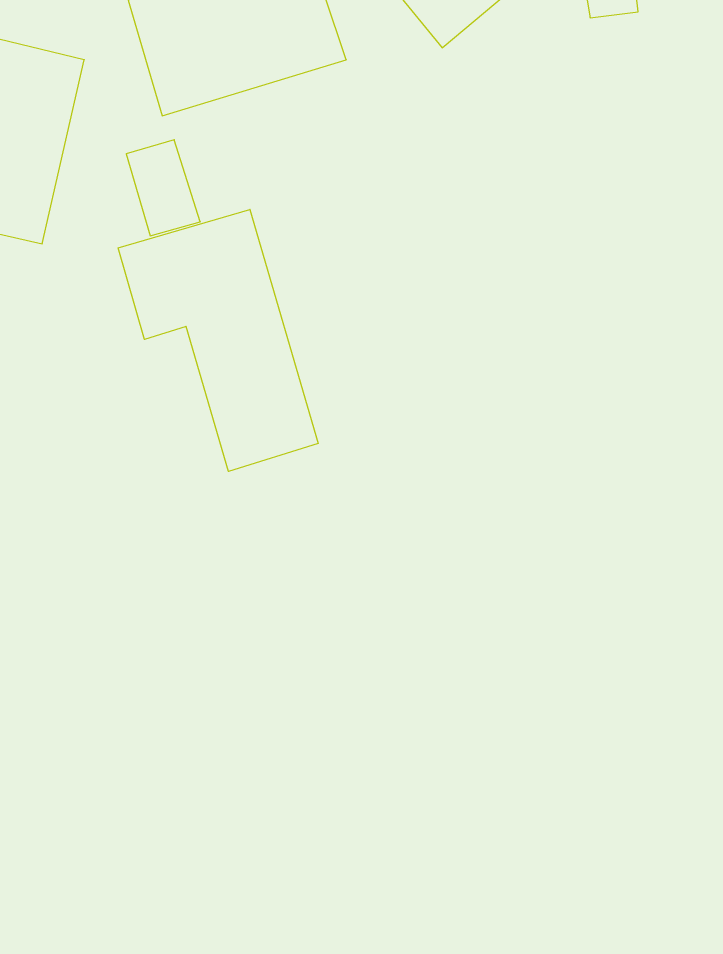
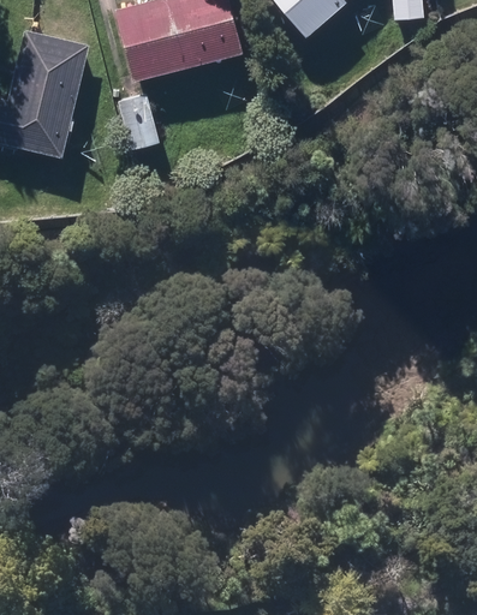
building: [118,209,318,471] -> none

